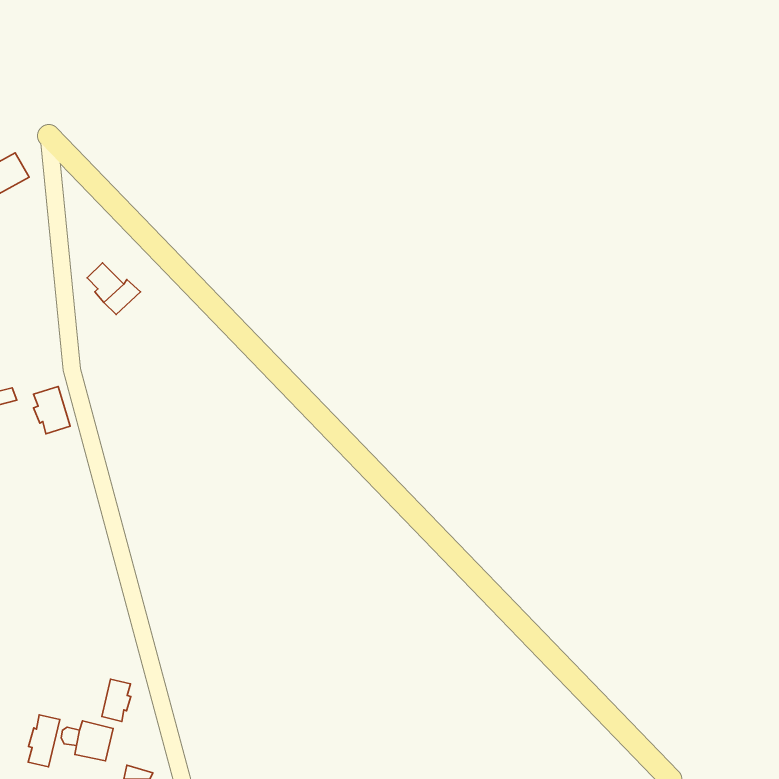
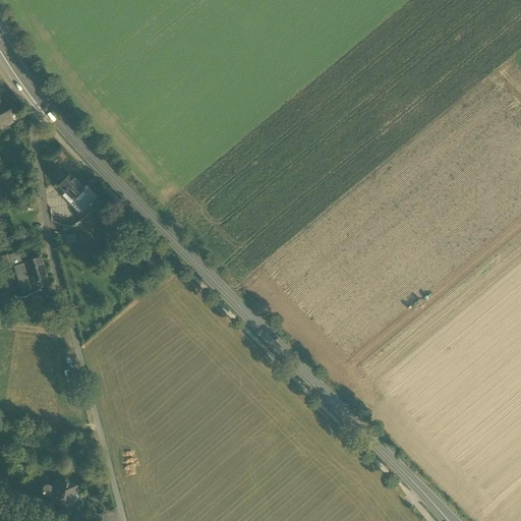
building: [102,679,131,721] -> none
building: [28,715,60,767] -> none

